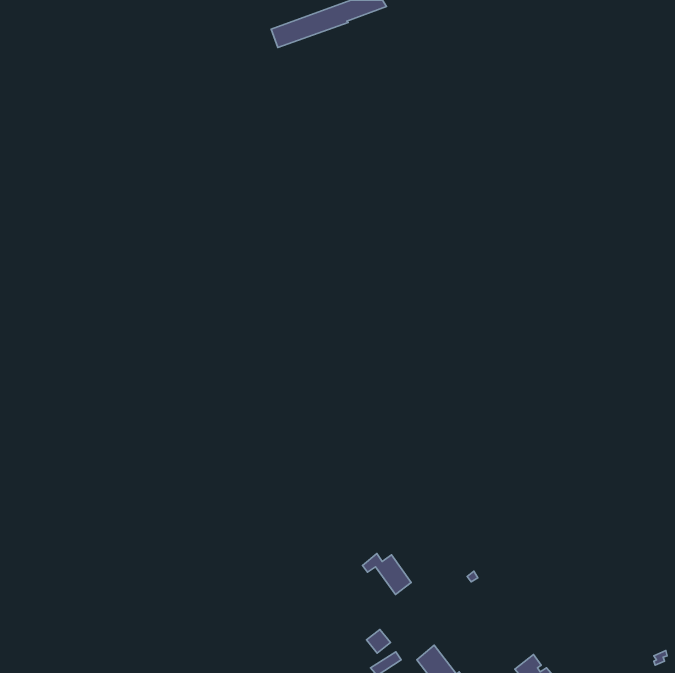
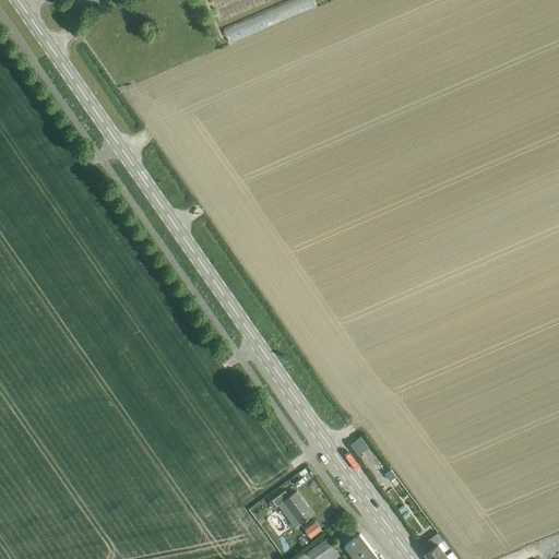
building: [362,554,411,595] -> [272,492,312,526]

